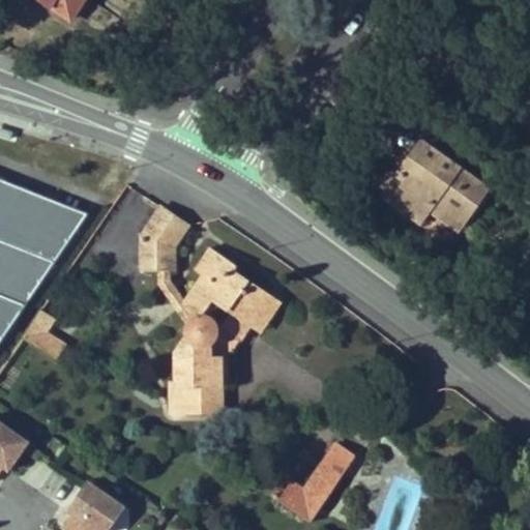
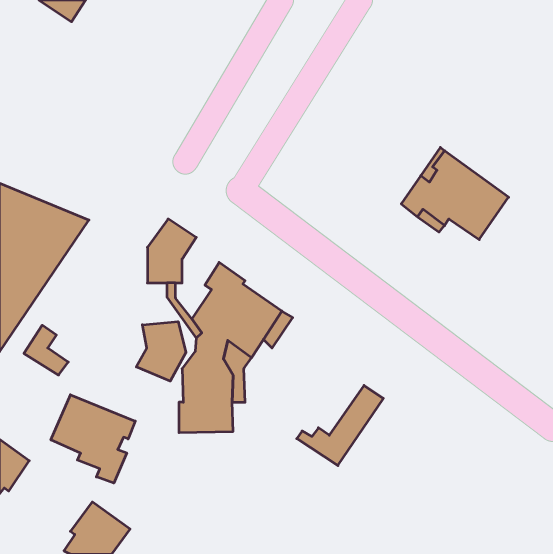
building: none -> [136,322,186,381]
building: none -> [51,395,135,483]
building: [271,444,354,521] -> [297,385,383,466]

